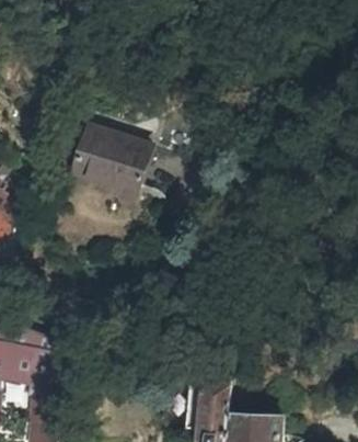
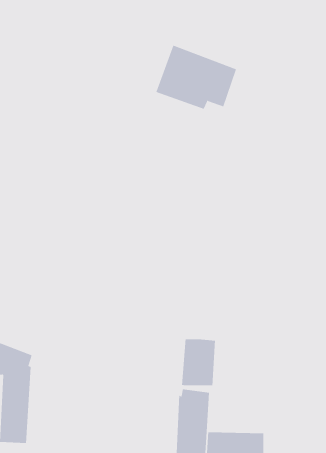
building: [77,128,153,190] -> [156,45,237,110]
building: none -> [182,339,215,386]

